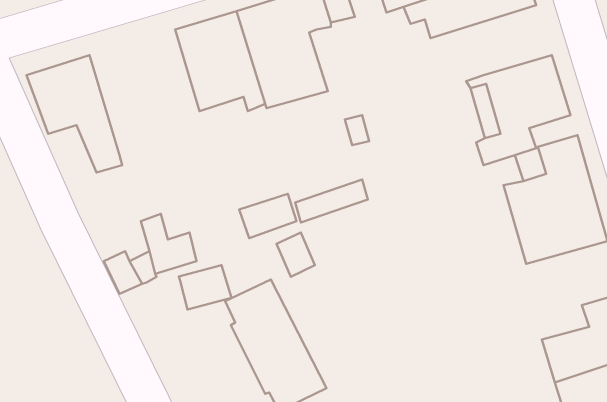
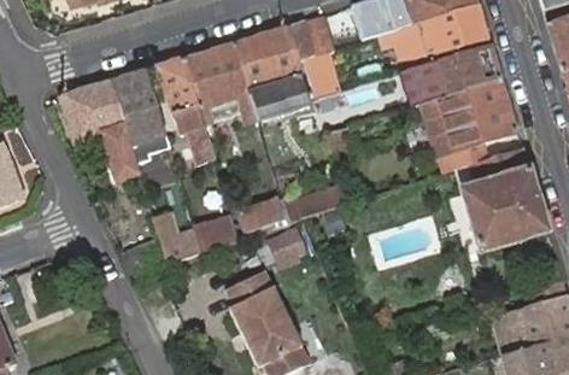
building: none -> [398,43,500,107]
building: none -> [301,52,340,96]
building: none -> [154,58,212,164]
building: none -> [110,69,169,164]
building: [179,265,232,309] -> [193,216,237,253]

